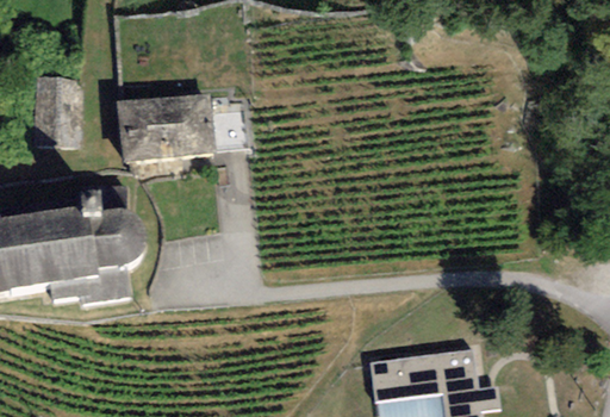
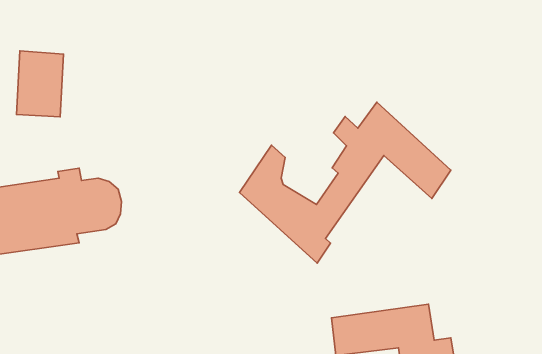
building: [114,91,217,166] -> none
building: none -> [239,102,451,263]

